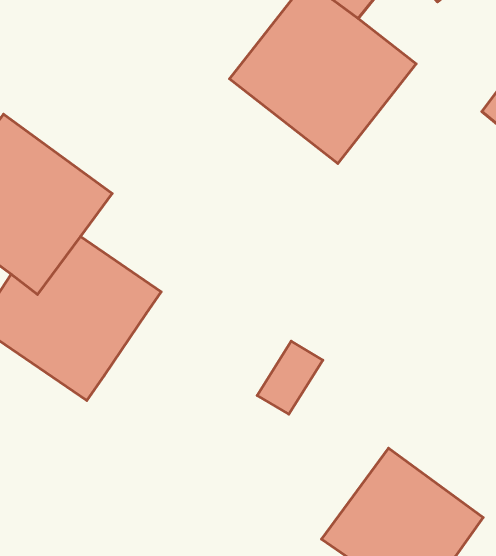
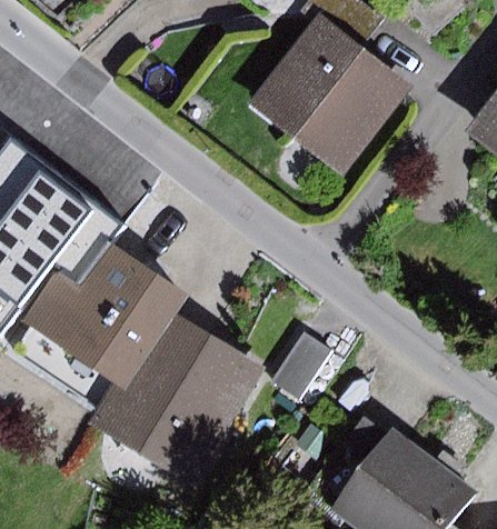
building: none -> [96,310,264,486]

